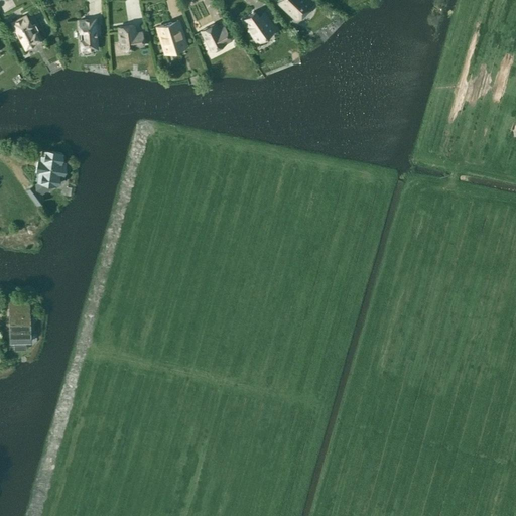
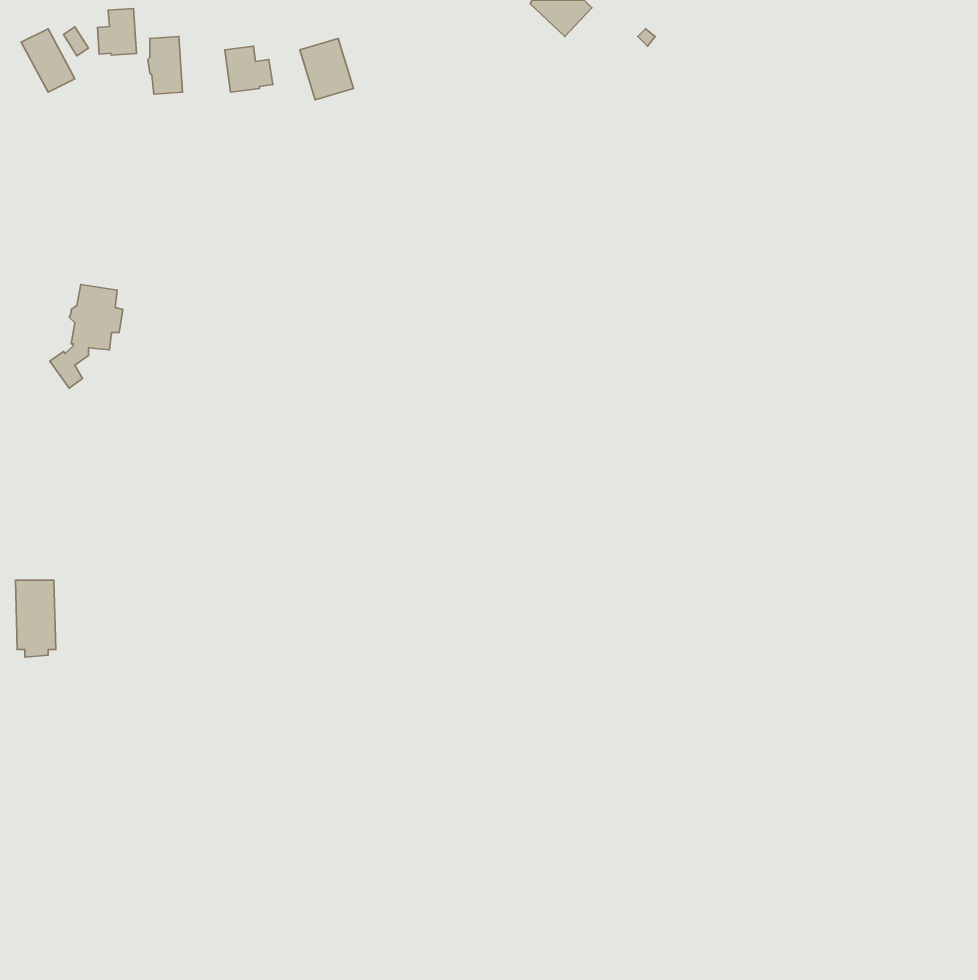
building: none -> [98,8,137,55]
building: [243,12,276,42] -> none
building: [203,24,232,51] -> none

